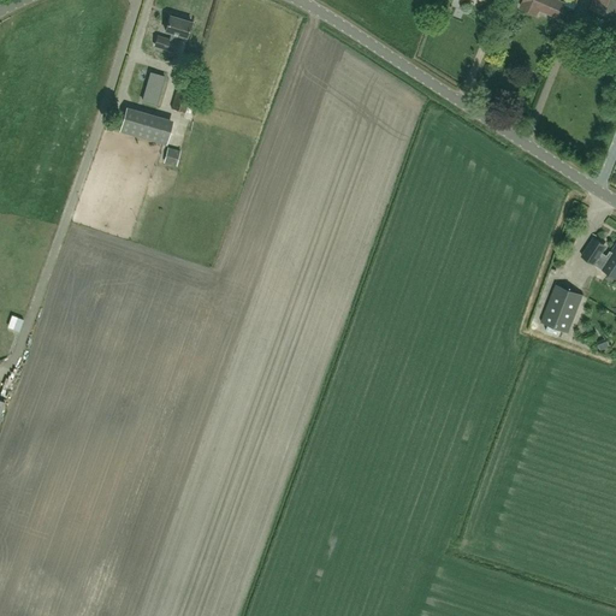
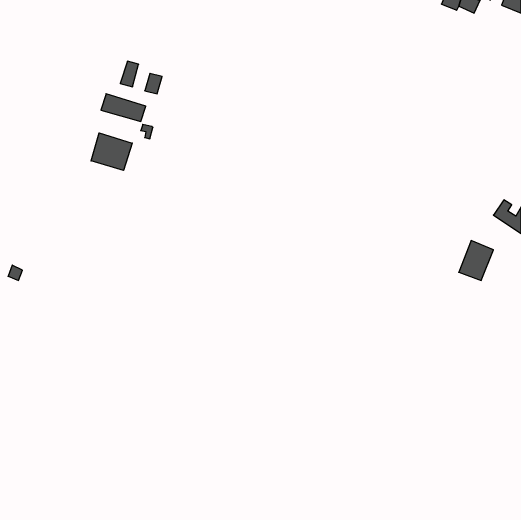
building: [156,14,192,52] -> none
building: none -> [91,133,132,170]

